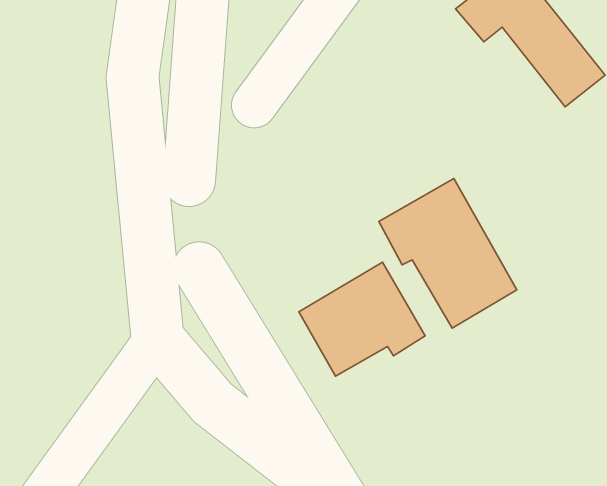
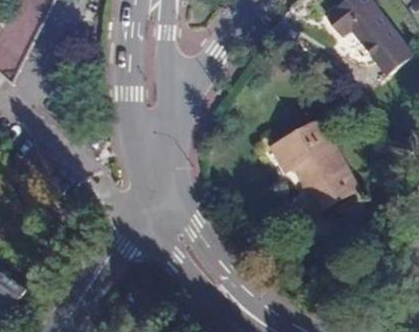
building: [299,262,425,376] -> none

